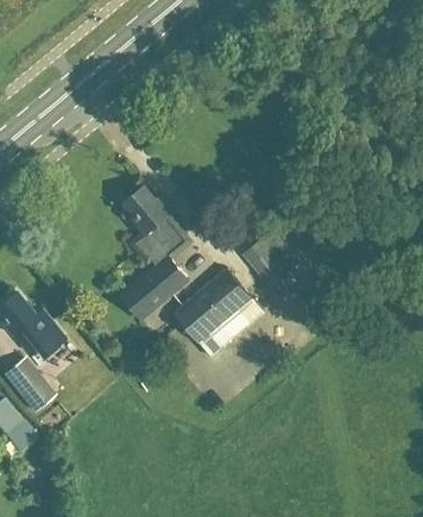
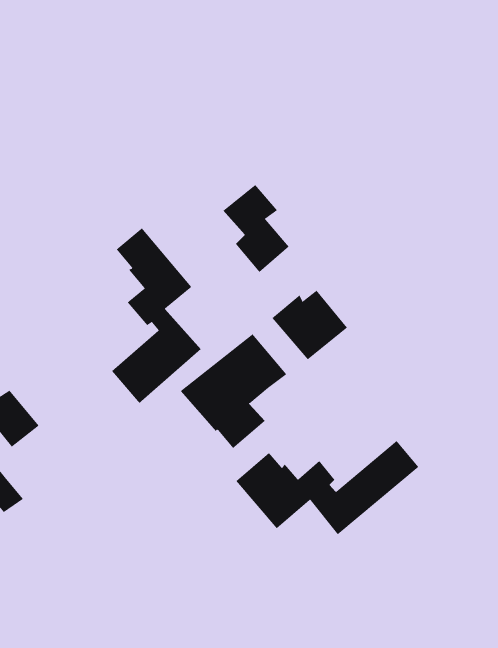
building: none -> [222,184,289,273]
building: none -> [236,440,419,535]

